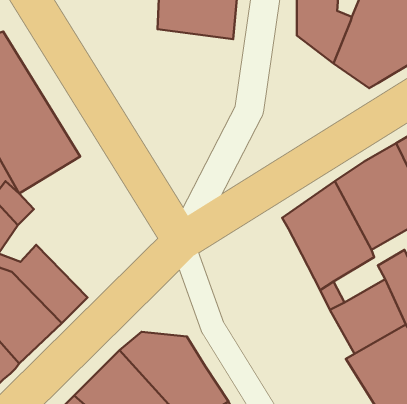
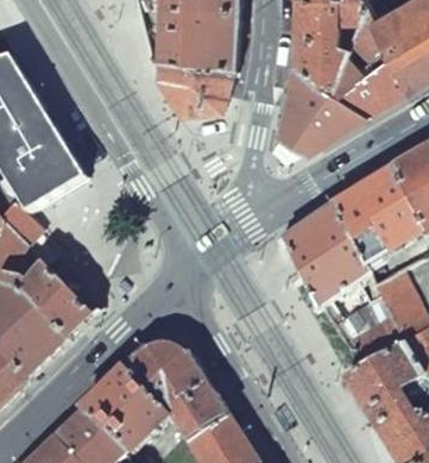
building: none -> [147,52,234,110]
building: none -> [279,60,366,149]

